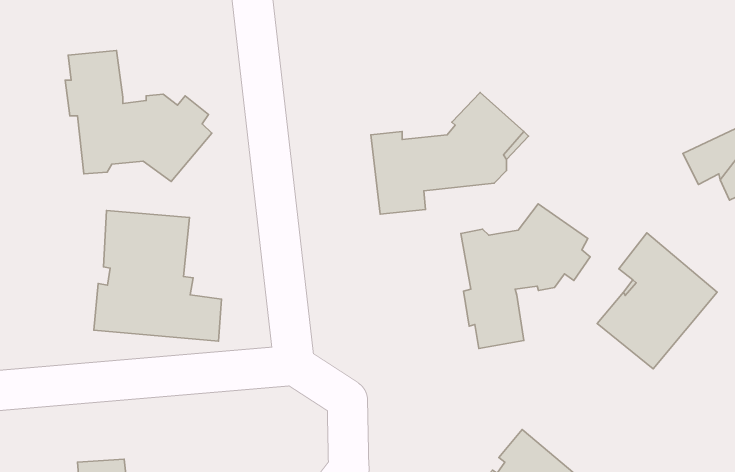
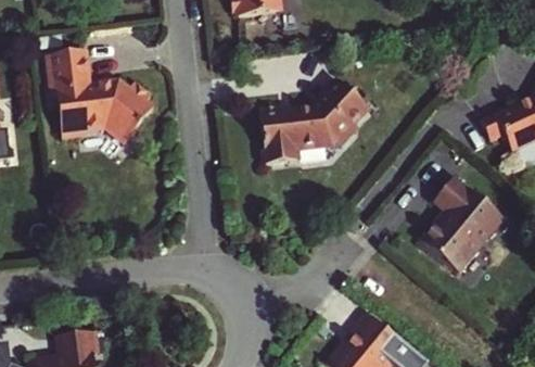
building: [461,204,590,349] -> none
building: [94,210,222,341] -> none

